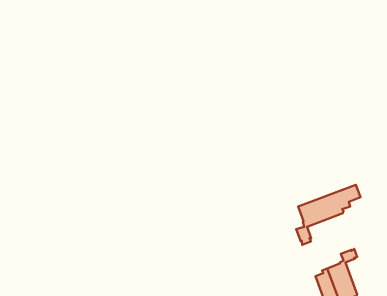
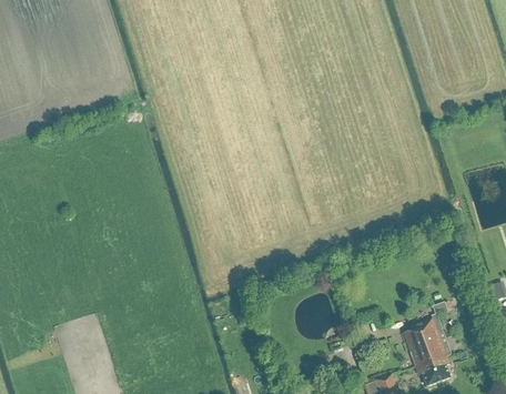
building: [296,185,361,245] -> none

